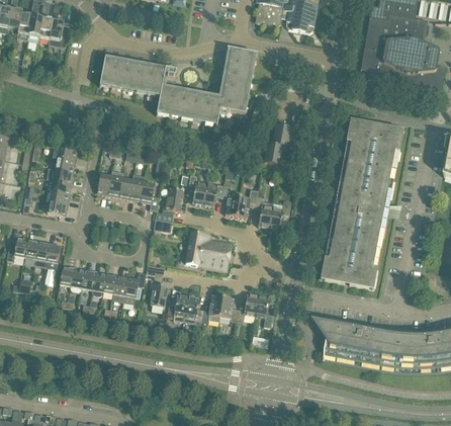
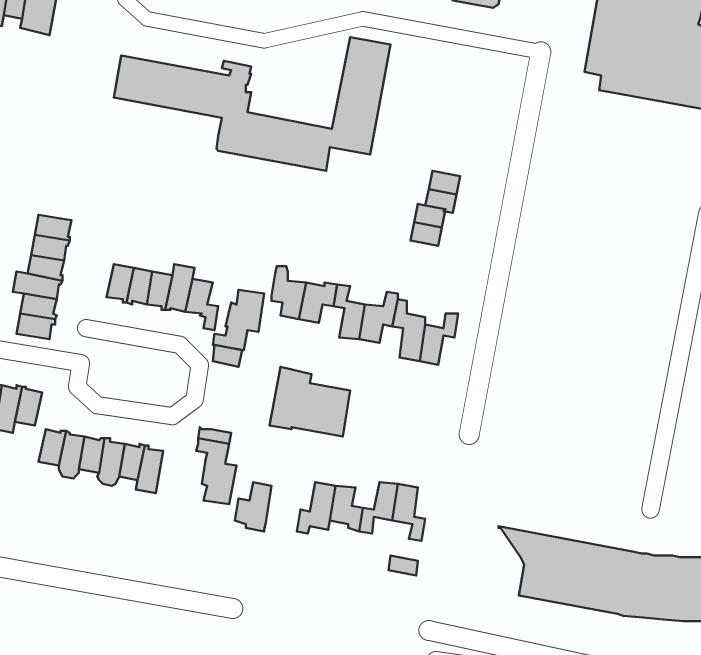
building: [321,117,402,286] -> none
building: [123,270,146,302] -> none
building: [183,294,203,321] -> none

